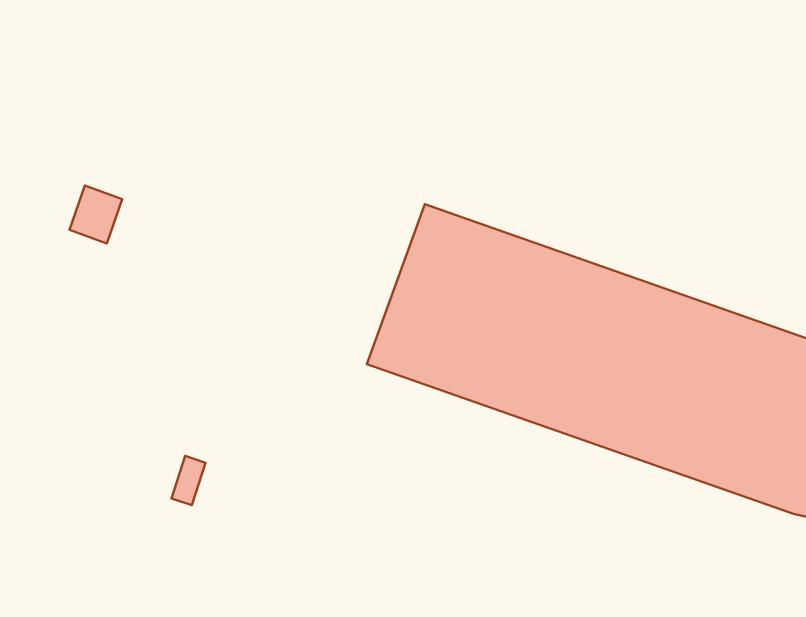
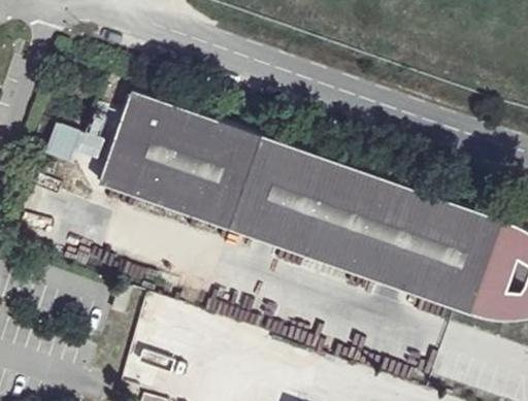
building: none -> [96,88,263,230]

